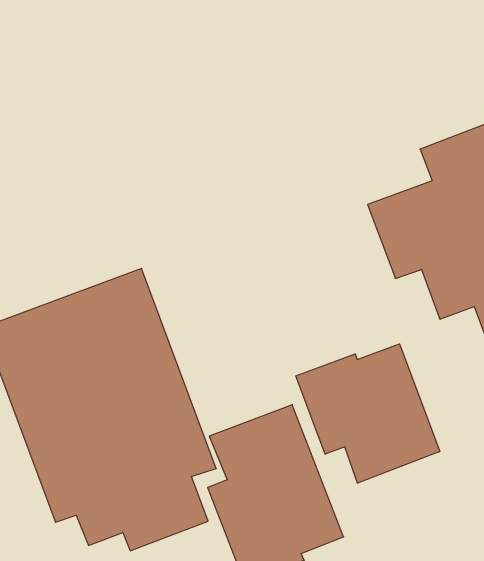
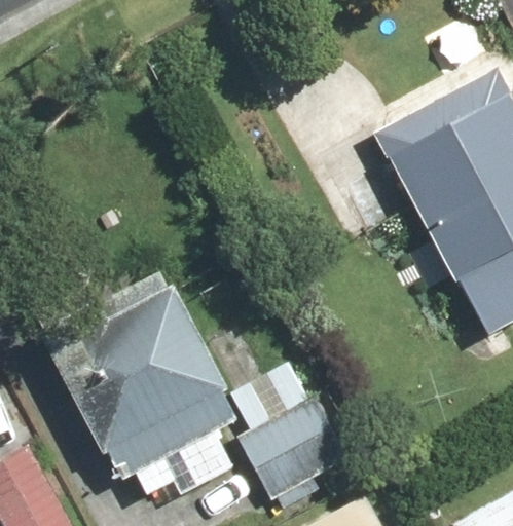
building: [296,344,440,483] -> none

